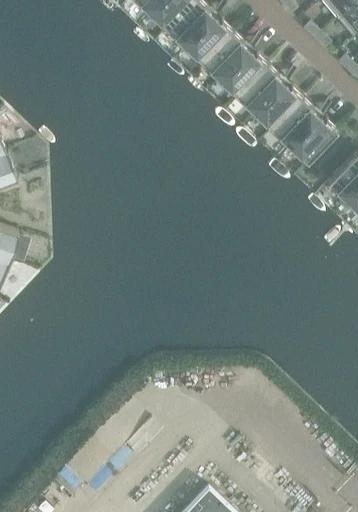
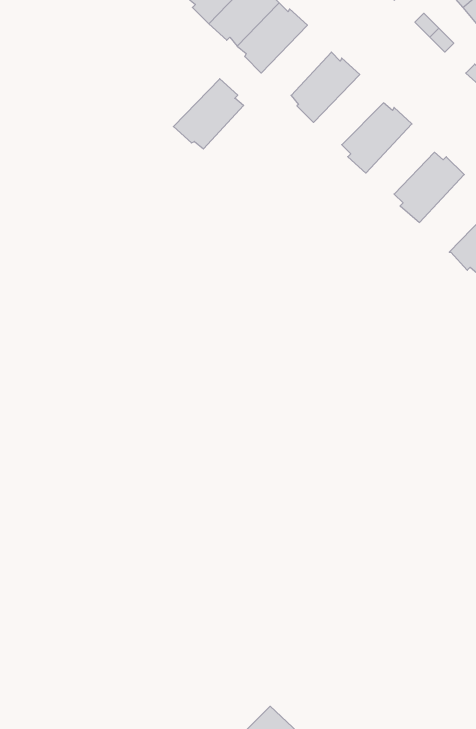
building: [203,34,250,81] -> [173,79,244,149]
building: [238,67,285,114] -> none
building: [273,100,319,147] -> none

